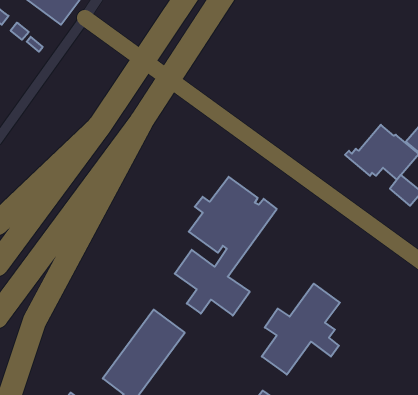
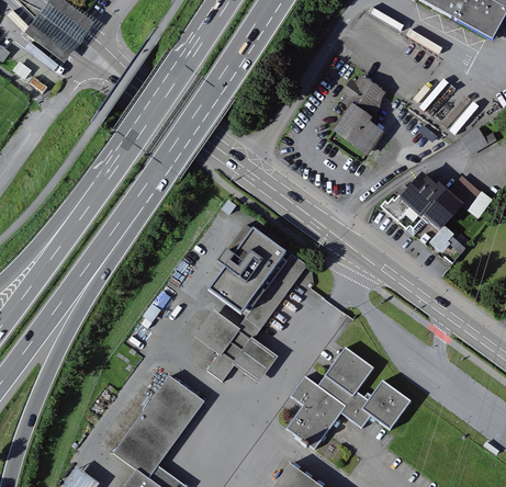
building: none -> [330,76,383,157]
building: none -> [361,378,411,428]

